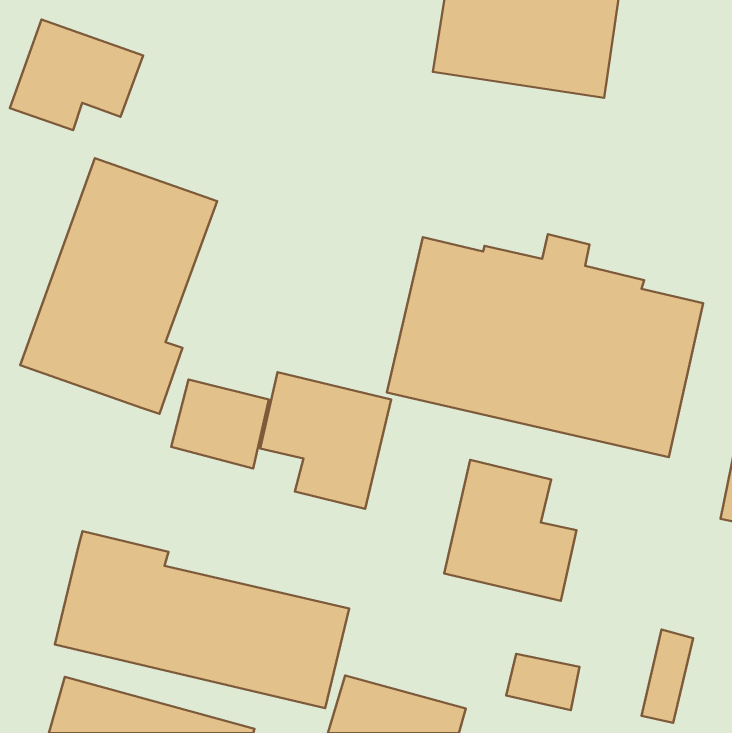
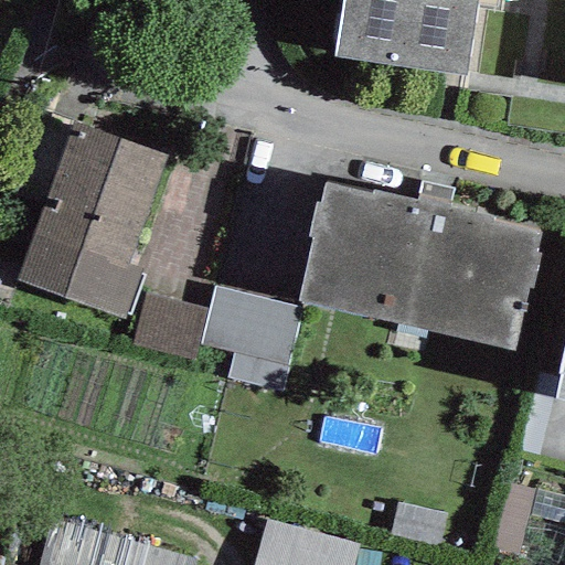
building: [10,19,143,130] -> none
building: [444,460,577,601] -> none
building: [55,531,349,708] -> none

